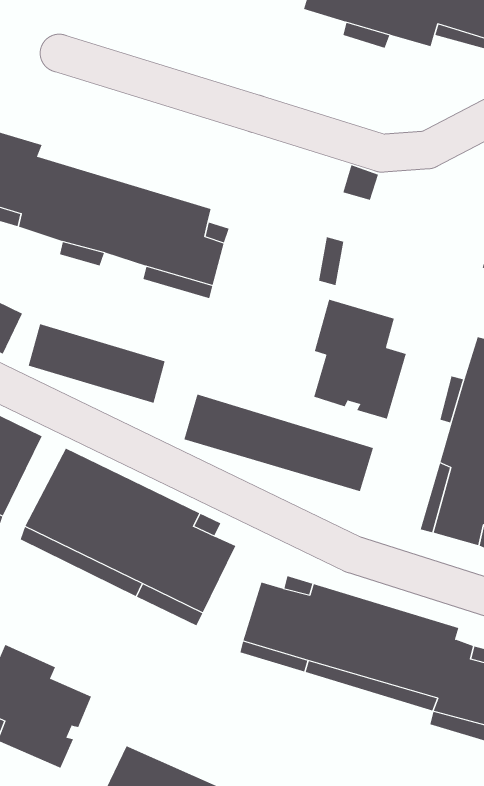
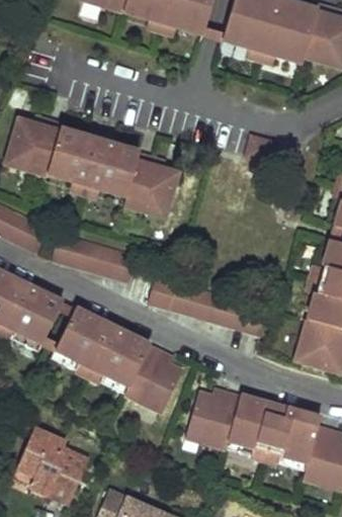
building: [313,299,407,419] -> none

